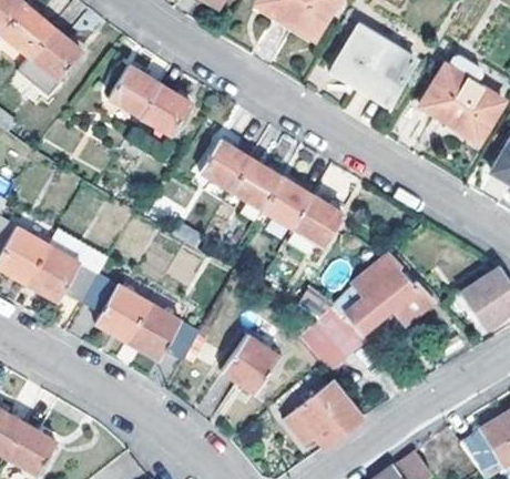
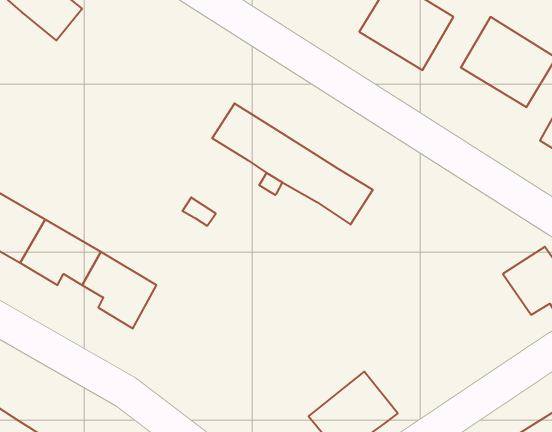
building: [110,65,192,135] -> none
building: [298,253,436,373] -> none
building: [128,302,201,359] -> none
building: [223,335,279,393] -> none

